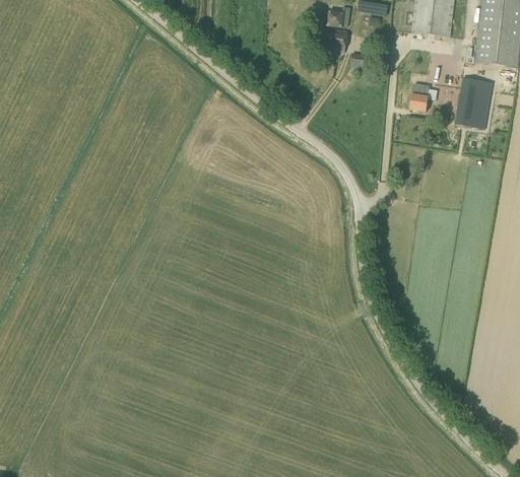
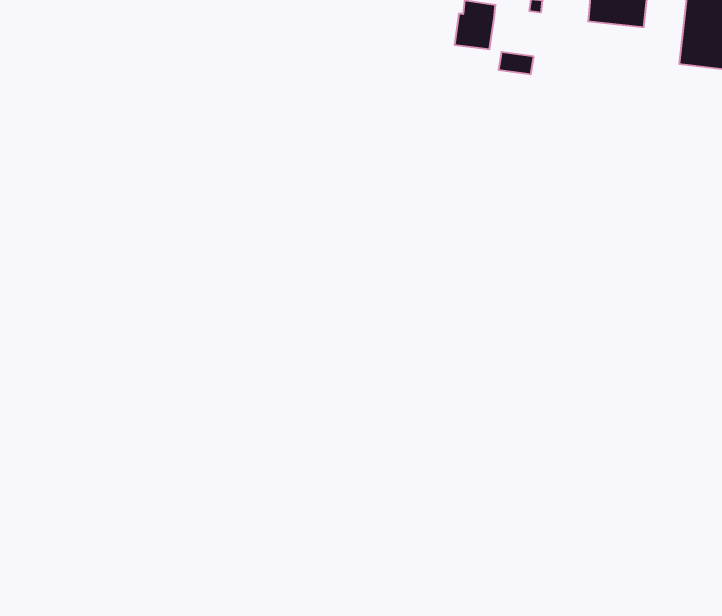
building: [455,76,493,127] -> none
building: [410,82,430,110] -> none

